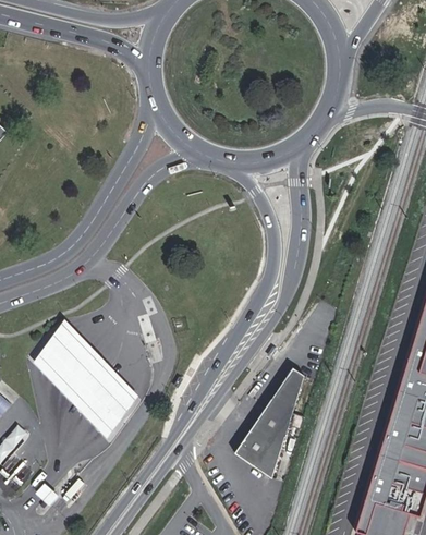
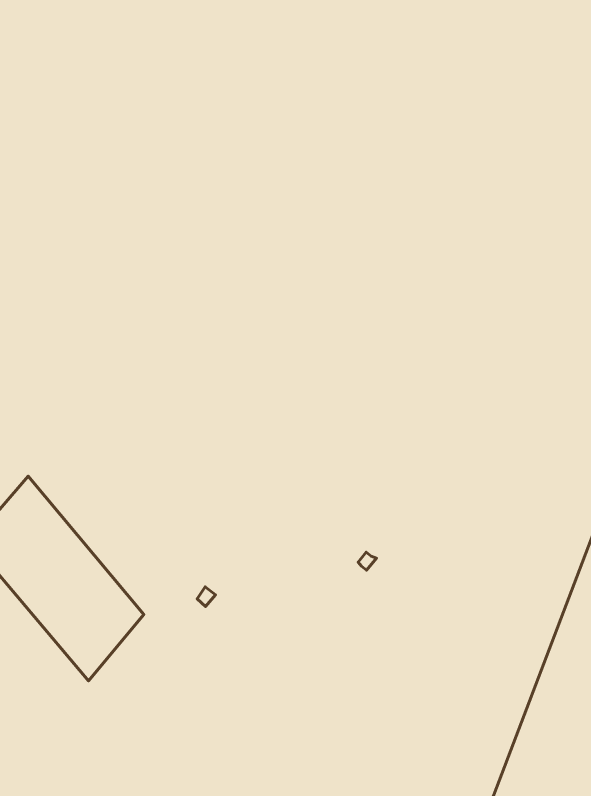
building: [231,373,304,486] -> none

